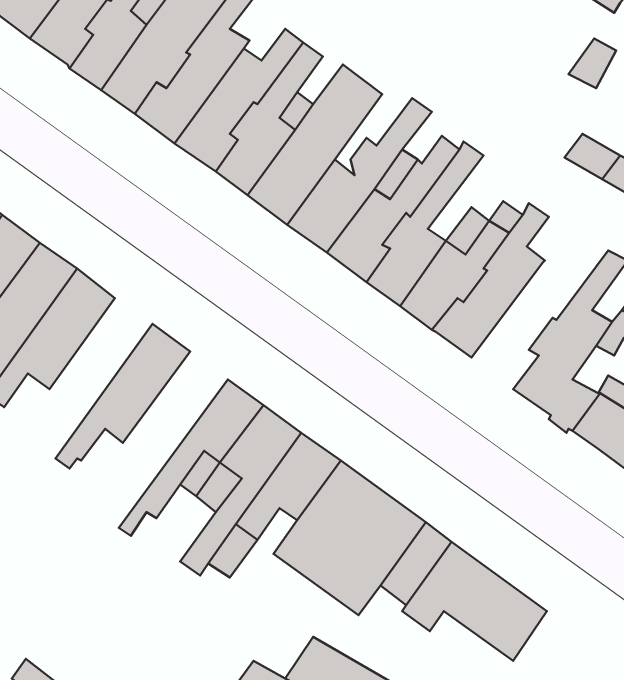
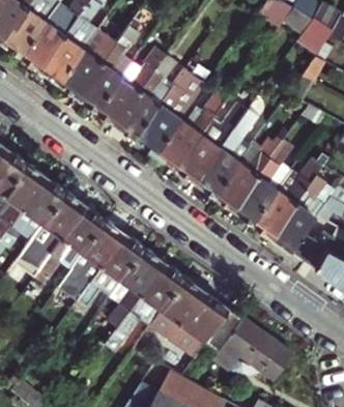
building: none -> [251,158,322,238]
building: none -> [24,191,84,274]
building: none -> [52,219,123,303]

